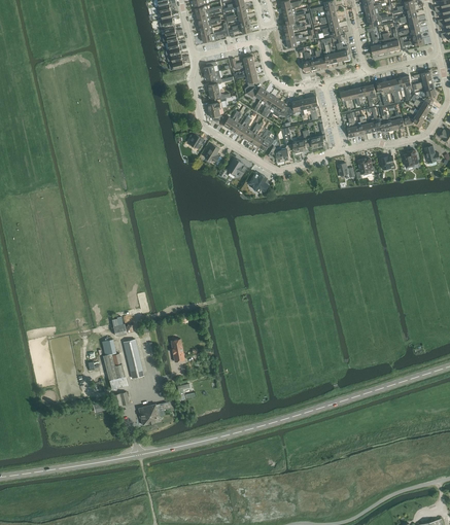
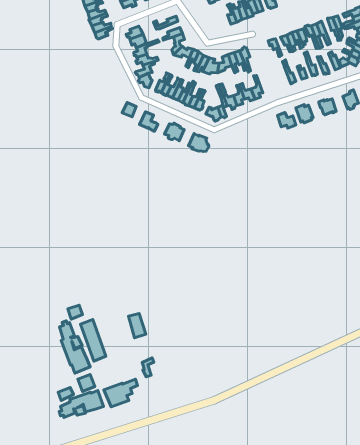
building: none -> [59,391,103,417]

